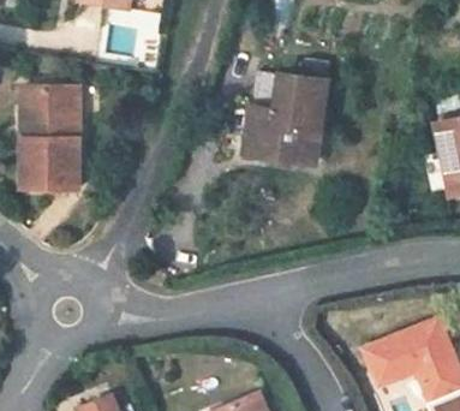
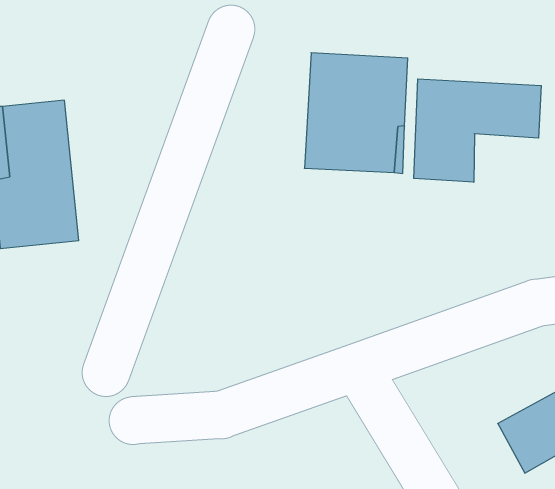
building: none -> [414,79,541,182]

